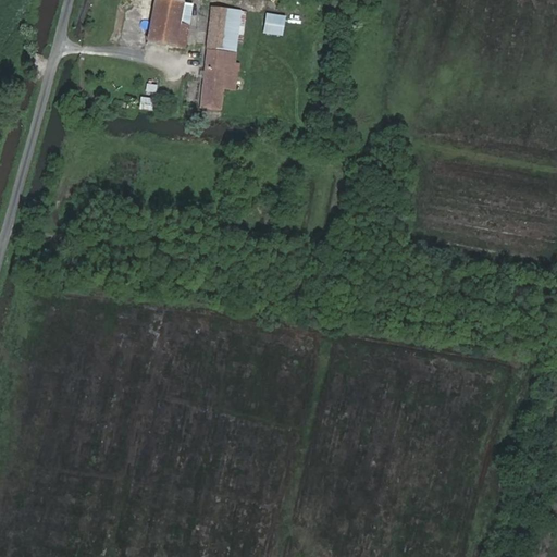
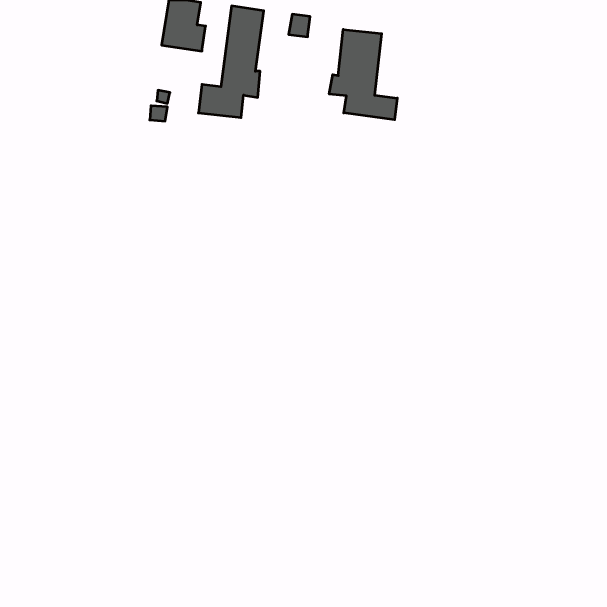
building: none -> [329,29,397,120]

